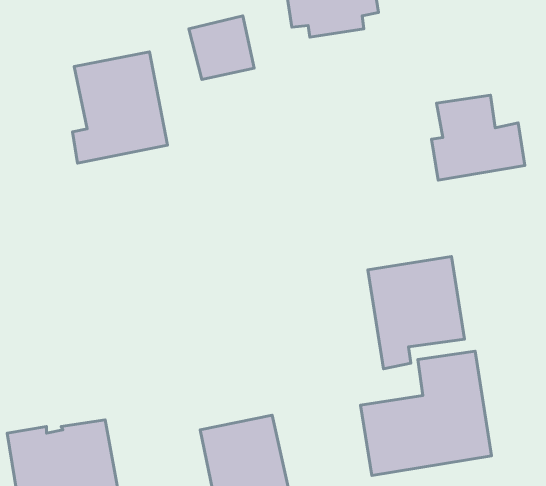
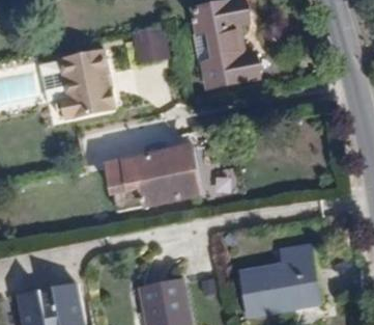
building: [432,95,525,180] -> [204,33,263,87]
building: none -> [107,147,200,209]
building: [368,256,465,369] -> none

